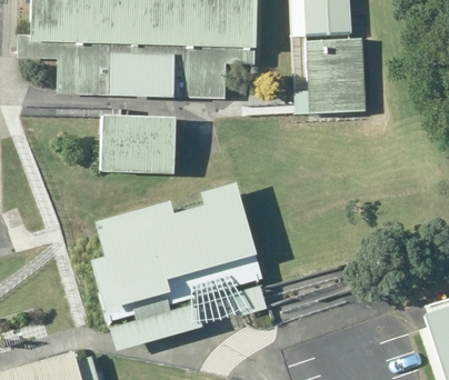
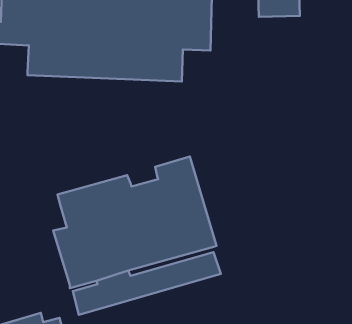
building: [292,38,363,113] -> none
building: [100,114,176,176] -> none

